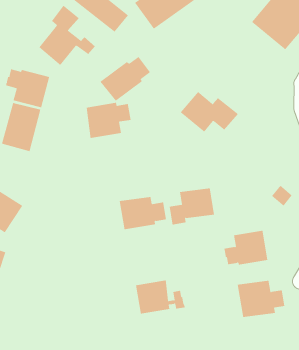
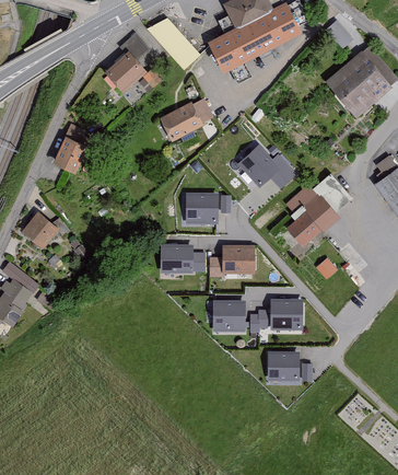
building: [5,69,50,108] -> none
building: [86,102,131,139] -> [184,192,230,224]
building: none -> [284,172,351,246]
building: [135,280,186,314] -> [212,300,260,332]

